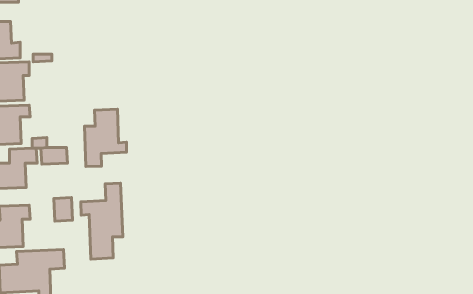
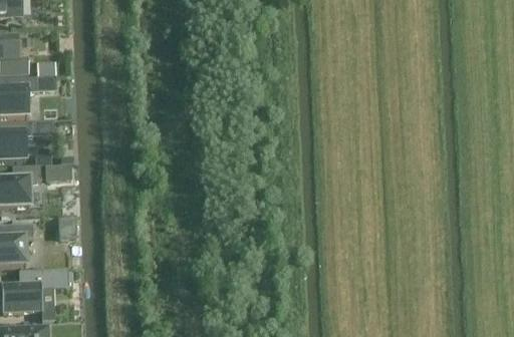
building: [84,109,127,167] -> none
building: [81,183,123,259] -> none

